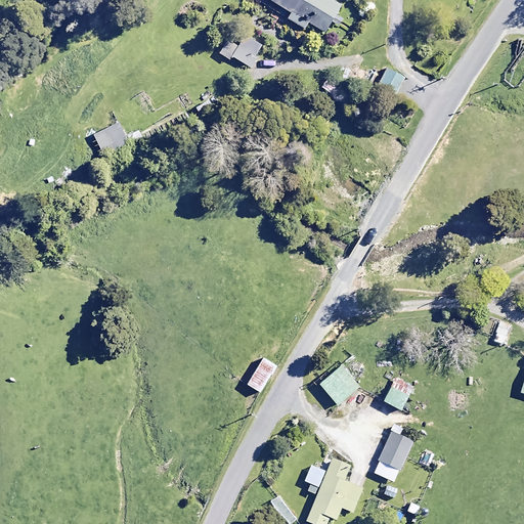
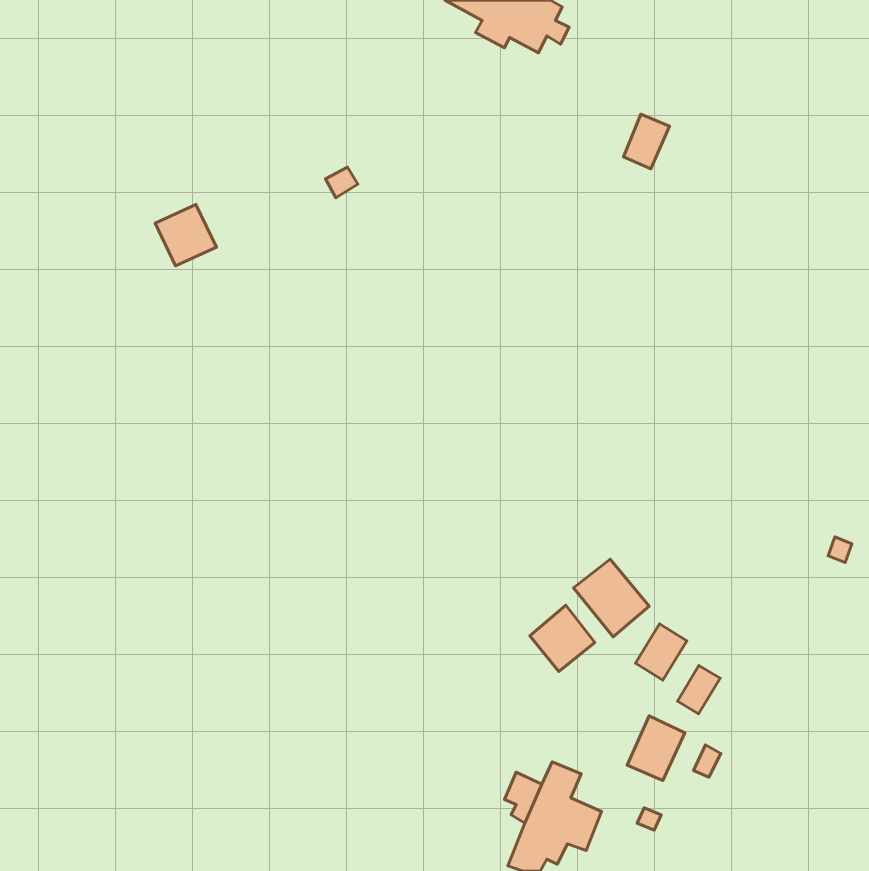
building: [219,30,263,68] -> none
building: none -> [573,559,649,637]
building: [246,357,275,392] -> none
building: none -> [677,666,720,714]

